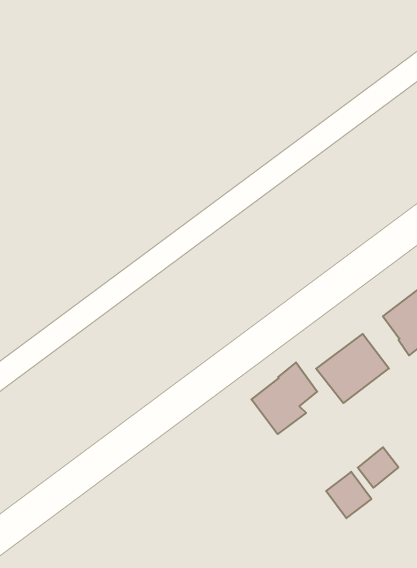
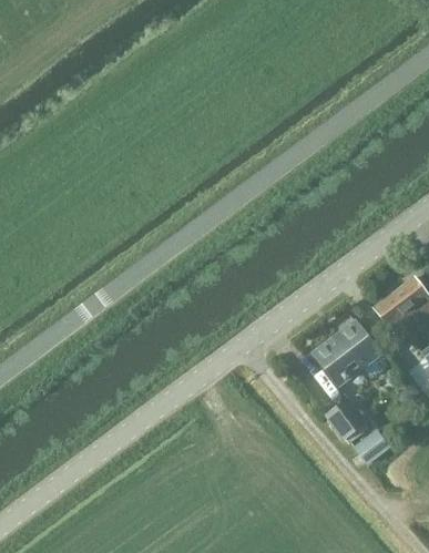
building: [251,362,317,434] -> none
building: [326,472,371,518] -> [325,395,367,438]

